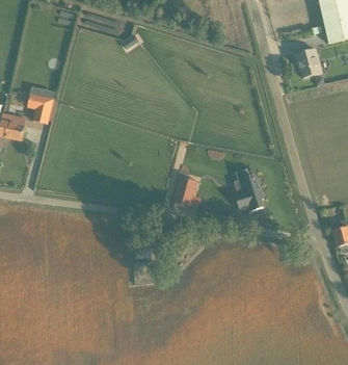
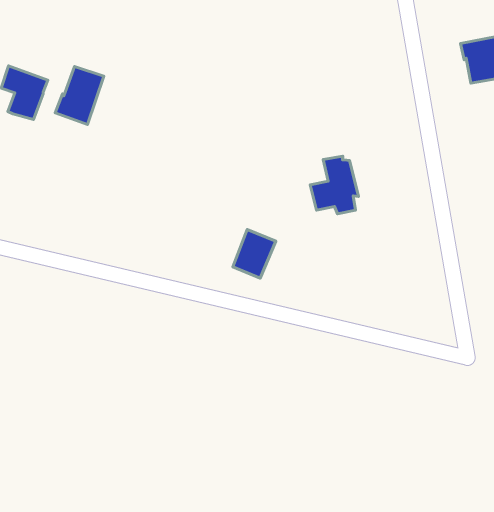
building: none -> [55,66,104,125]
building: [235,175,264,209] -> [310,156,358,214]

